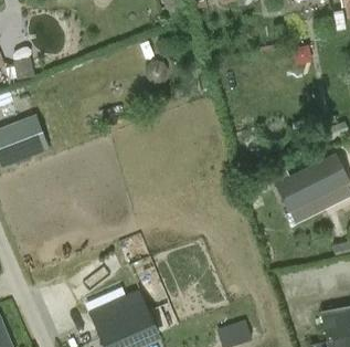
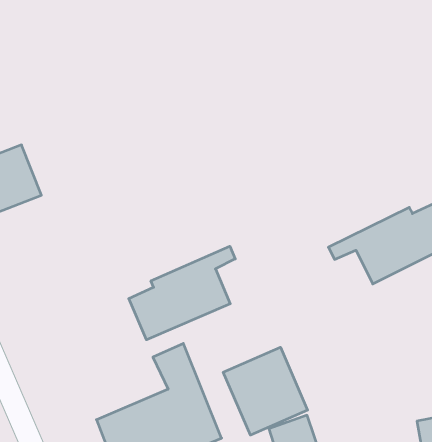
building: none -> [129,246,235,340]
building: none -> [223,347,308,435]

